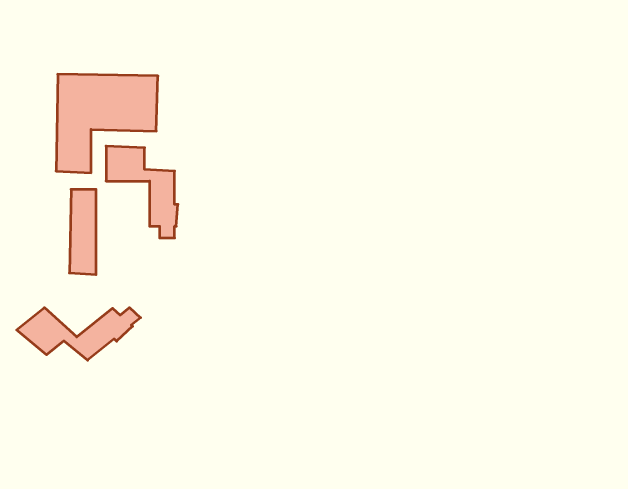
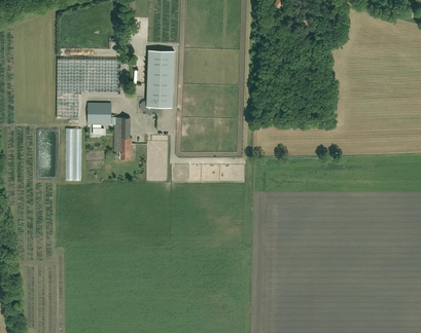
building: none -> [140,49,174,114]
building: [17,308,141,360] -> none

